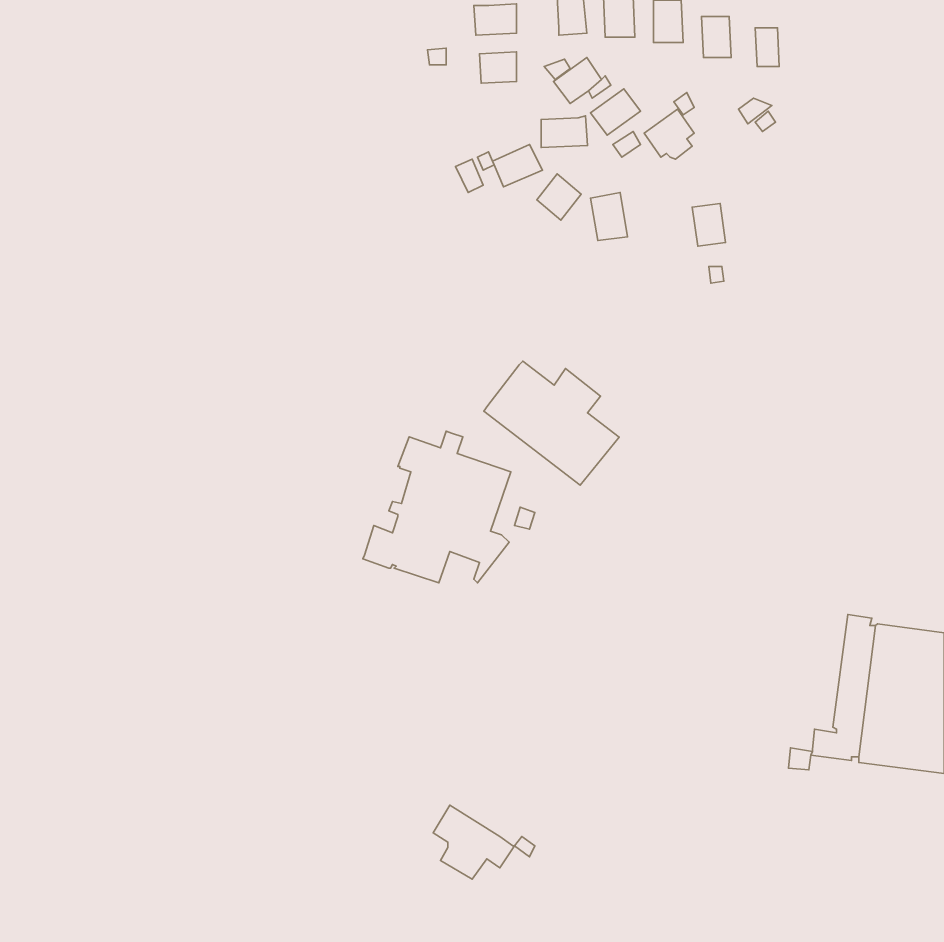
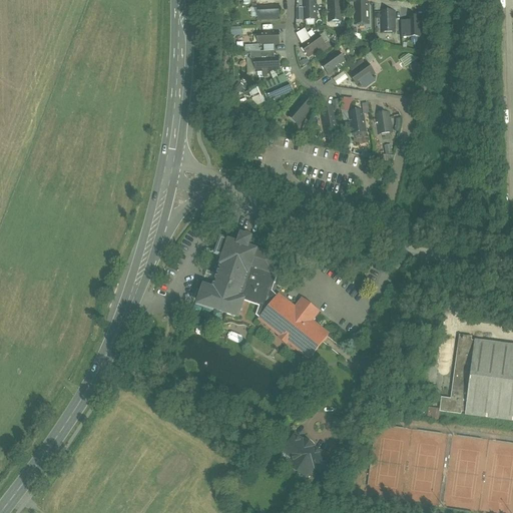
building: [541,116,587,147] -> [254,54,280,71]
building: none -> [348,107,367,132]
building: [484,361,619,485] -> [256,292,330,359]
building: [433,805,515,879] -> [285,435,329,475]

